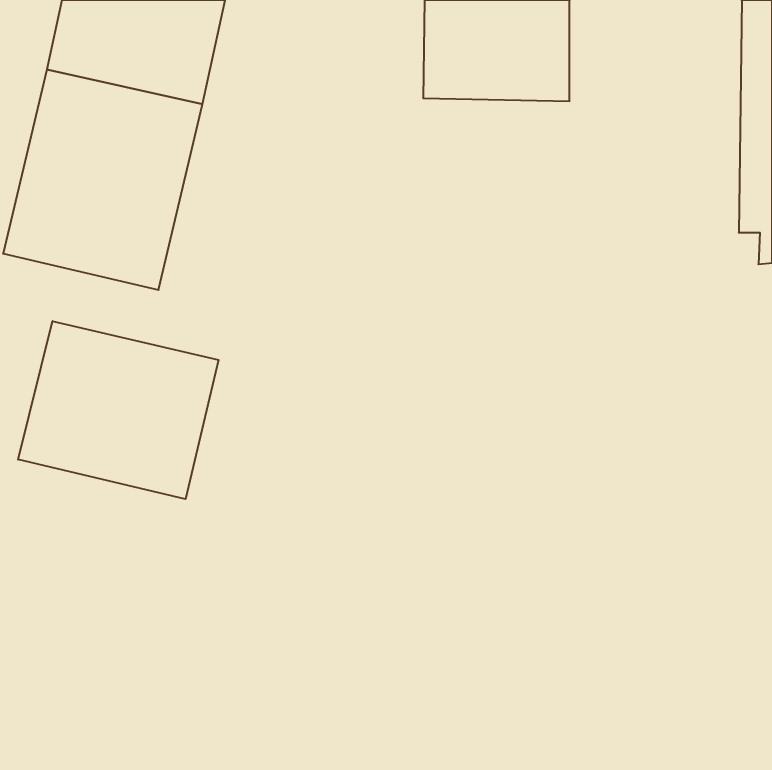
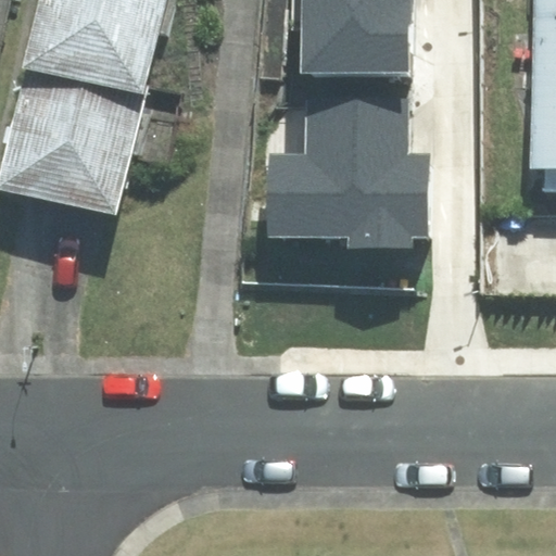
building: none -> [270,97,427,248]
building: [18,321,219,499] -> none

